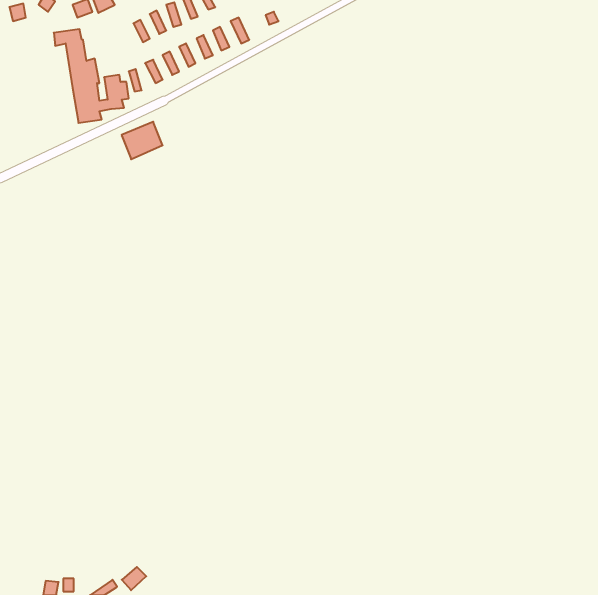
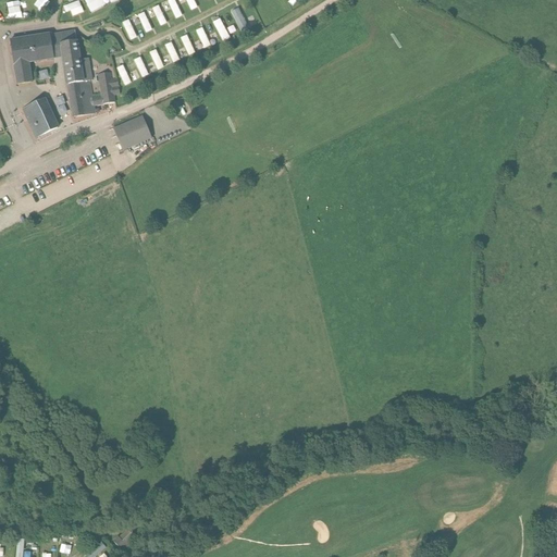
building: none -> [10,30,53,82]
building: none -> [22,96,59,136]

